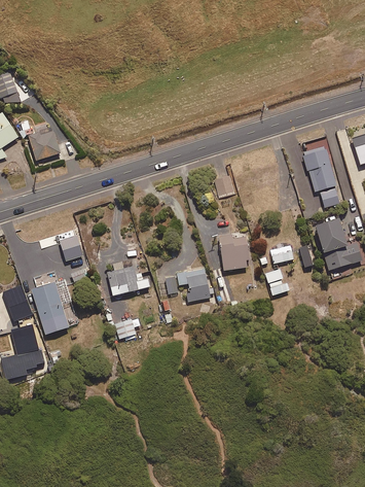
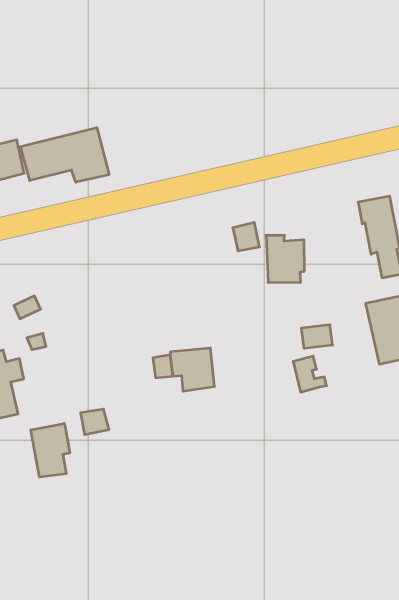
building: none -> [21,128,109,182]
building: [219,235,249,270] -> [266,235,304,282]
building: [107,262,149,295] -> none
building: none -> [31,423,70,477]

